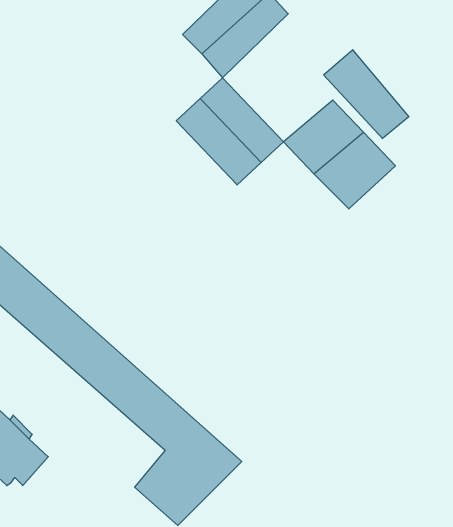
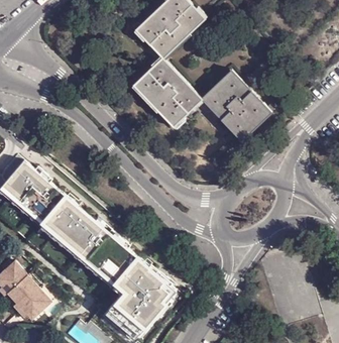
building: [324,50,409,139] -> none

